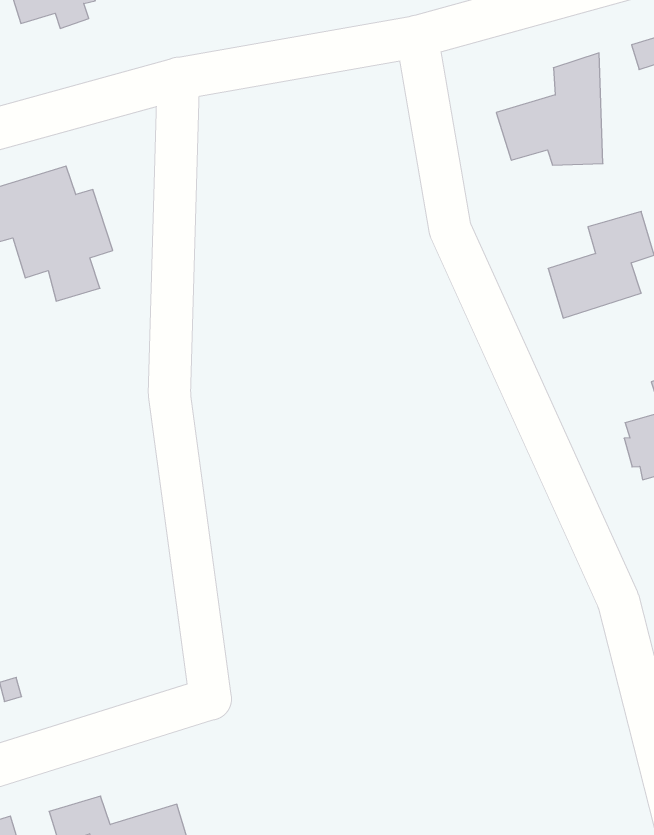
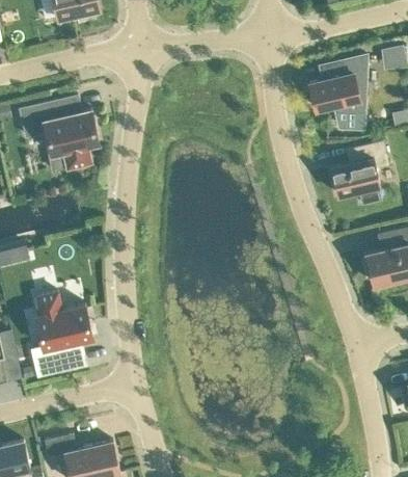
building: none -> [31,292,92,377]

